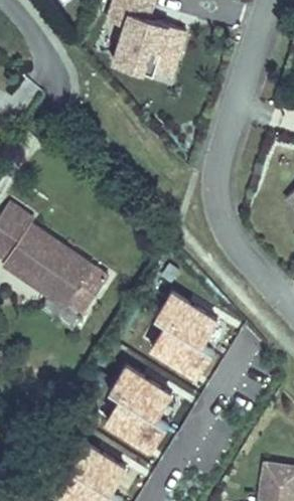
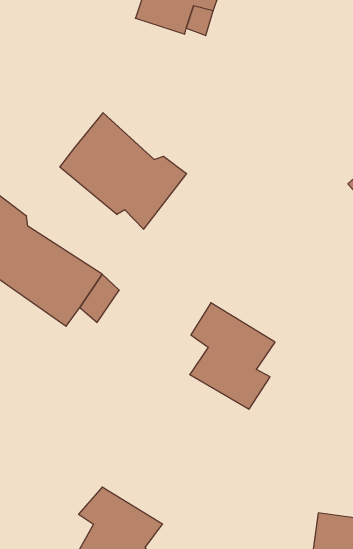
building: none -> [60,113,187,229]
building: [110,366,178,454] -> none

